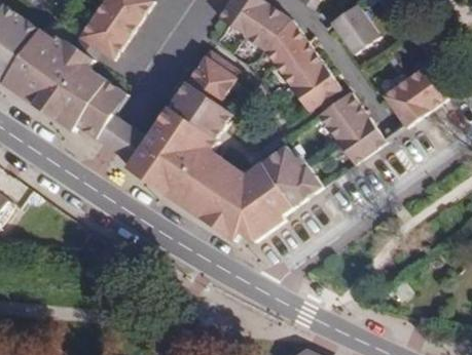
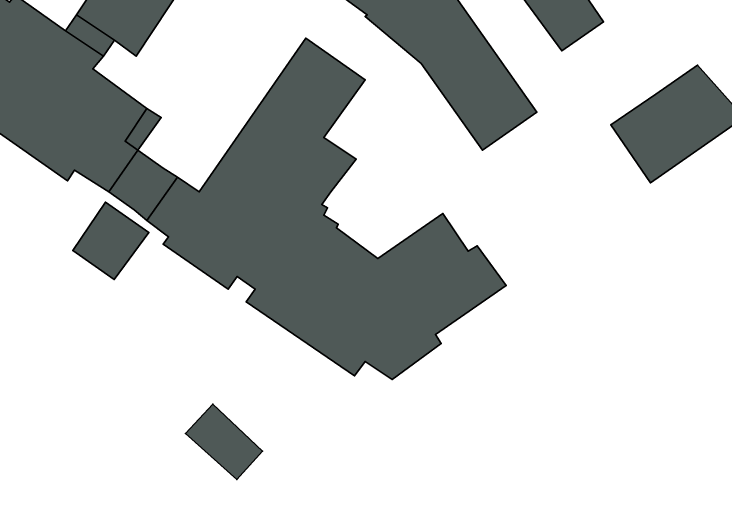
building: [320,92,385,164] -> none
building: none -> [73,202,149,279]
building: none -> [186,404,262,479]

